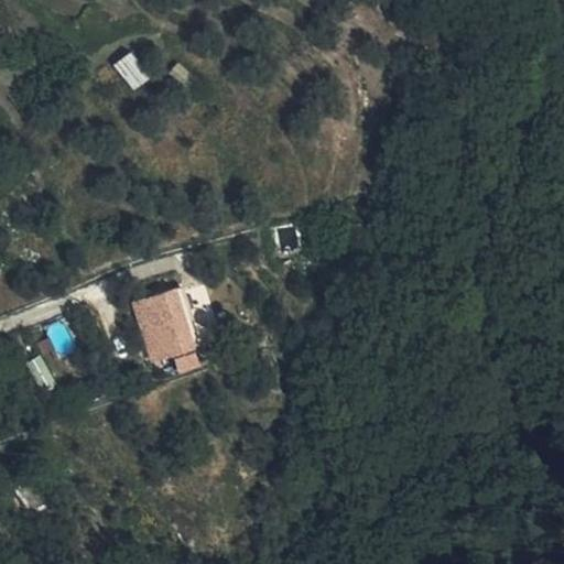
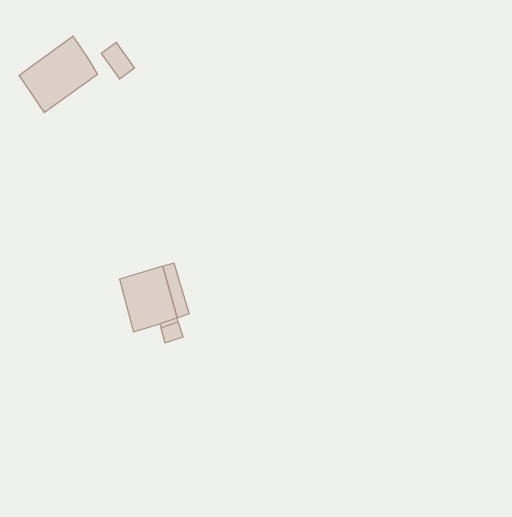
building: none -> [19,36,97,113]

